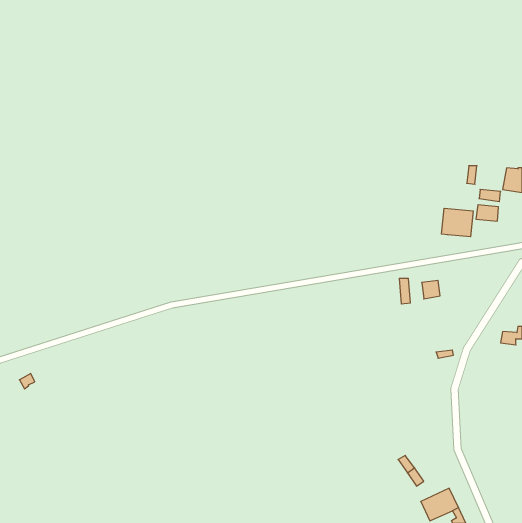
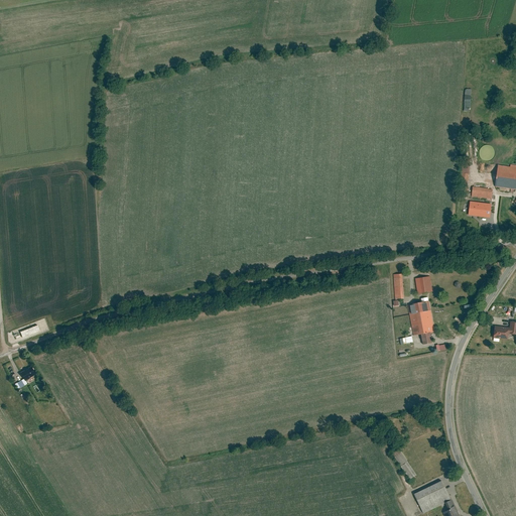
building: [442,208,473,237] -> none
building: none -> [407,297,434,344]

